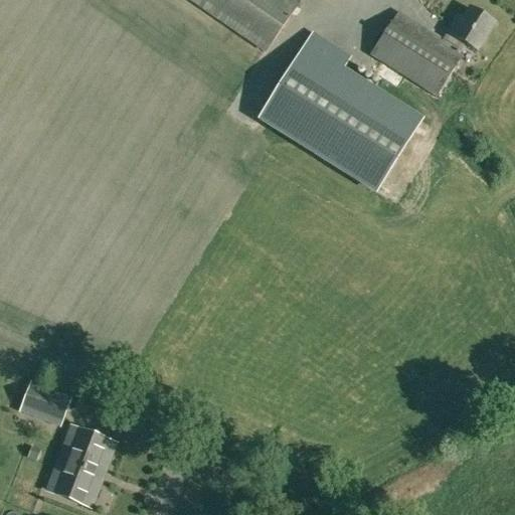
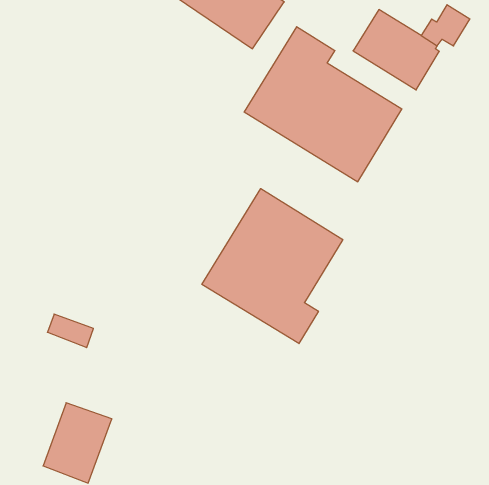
building: none -> [202,189,343,344]
building: [21,383,69,418] -> [47,314,93,348]

